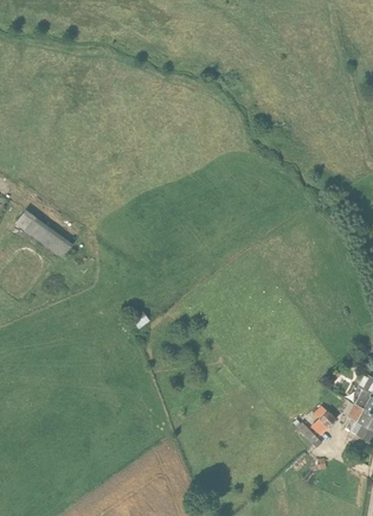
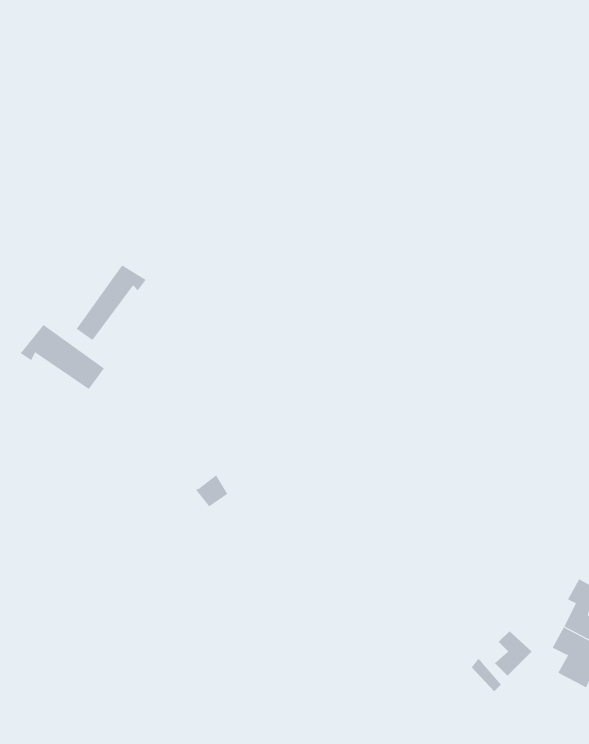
building: none -> [76,265,147,341]

